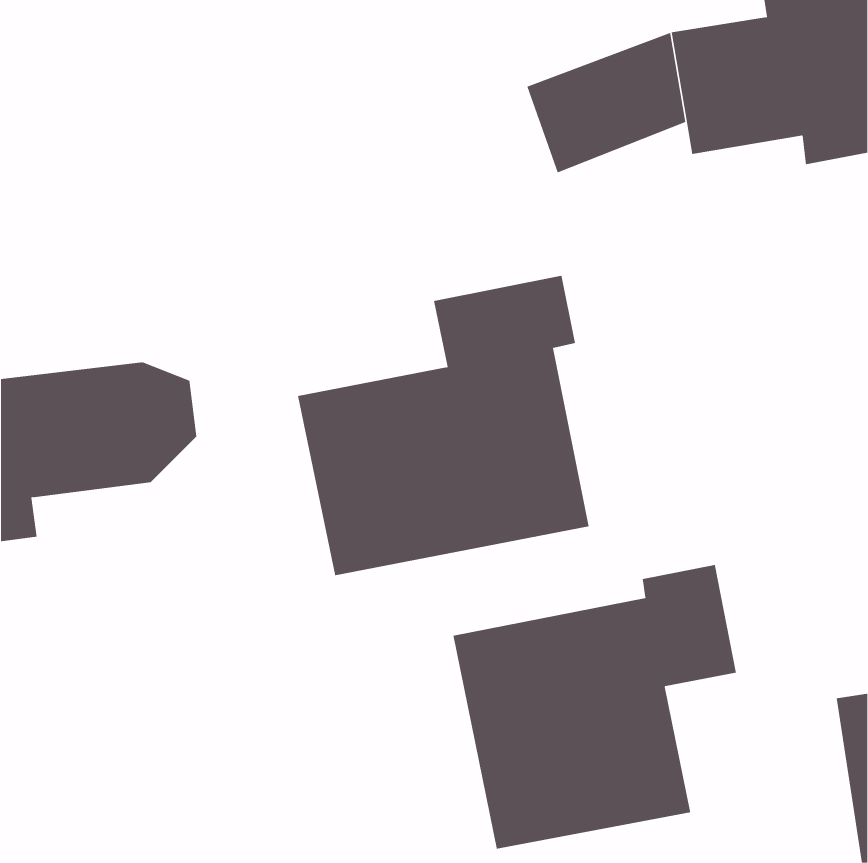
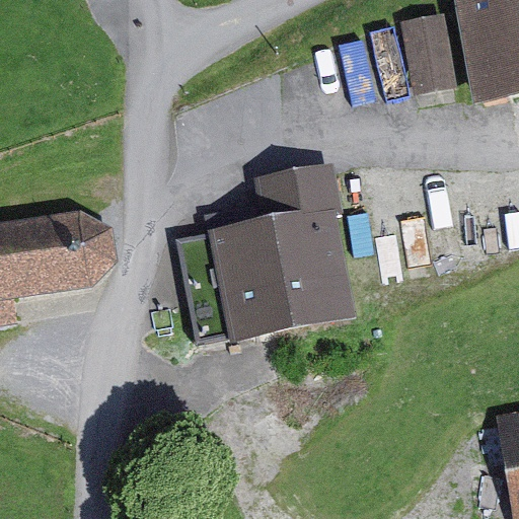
building: [453,564,737,850] -> none

